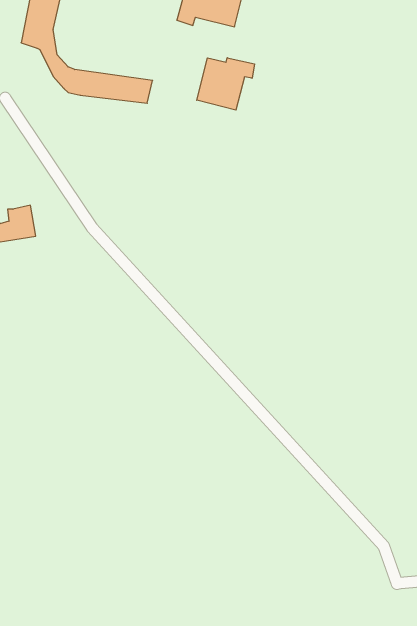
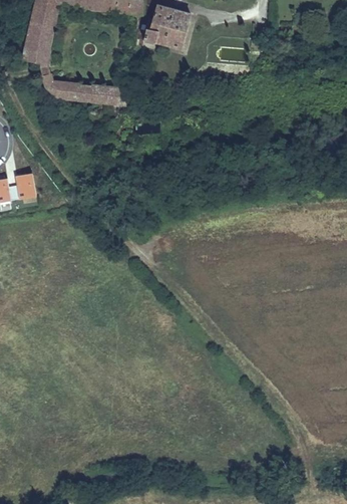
building: [197,58,254,110] -> none

